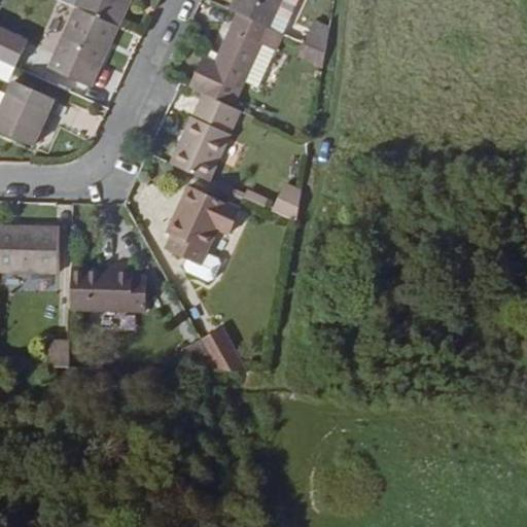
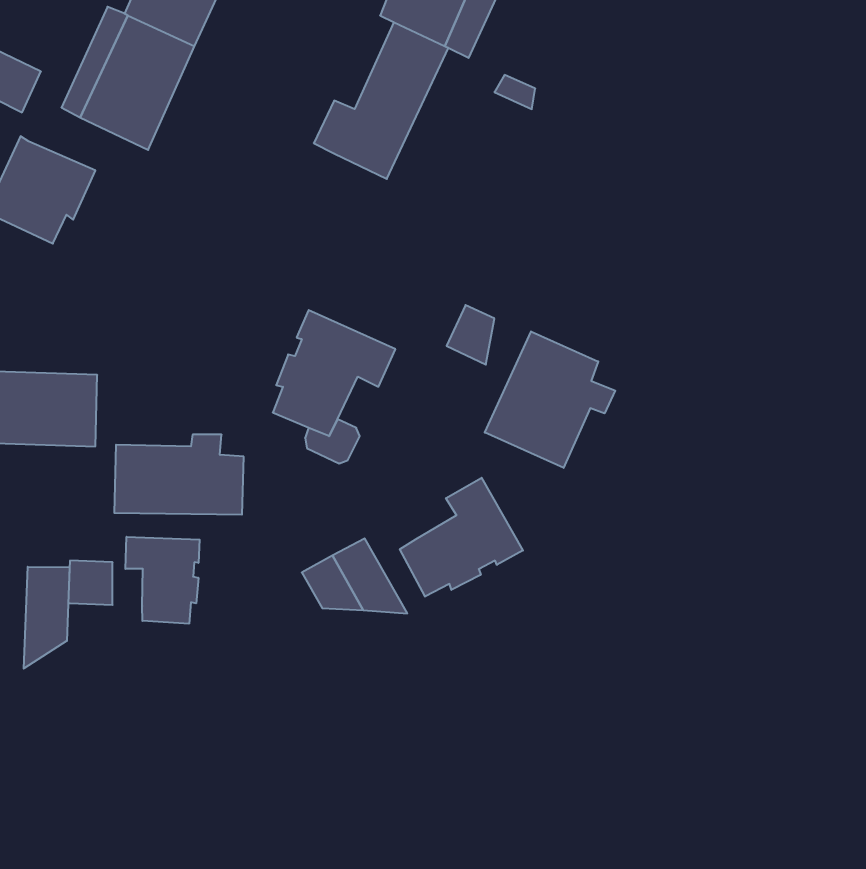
building: [169,93,242,181] -> none
building: none -> [485,331,615,468]
building: none -> [400,478,523,597]
building: none -> [125,537,200,624]
building: none -> [24,567,69,669]

